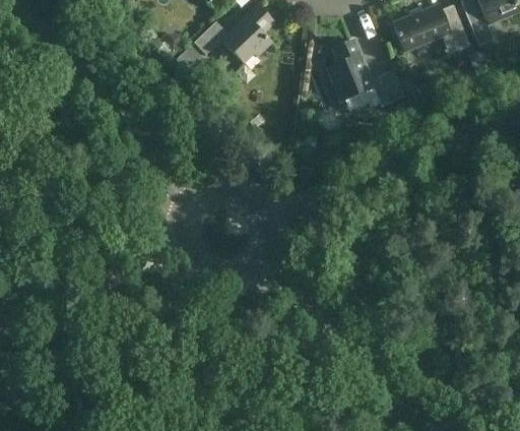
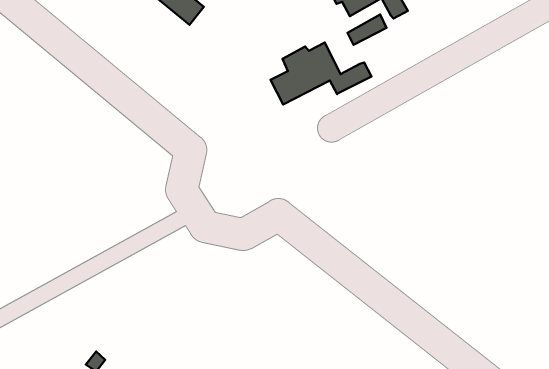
building: none -> [270,43,371,105]

